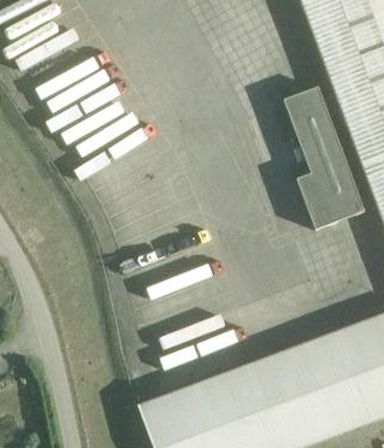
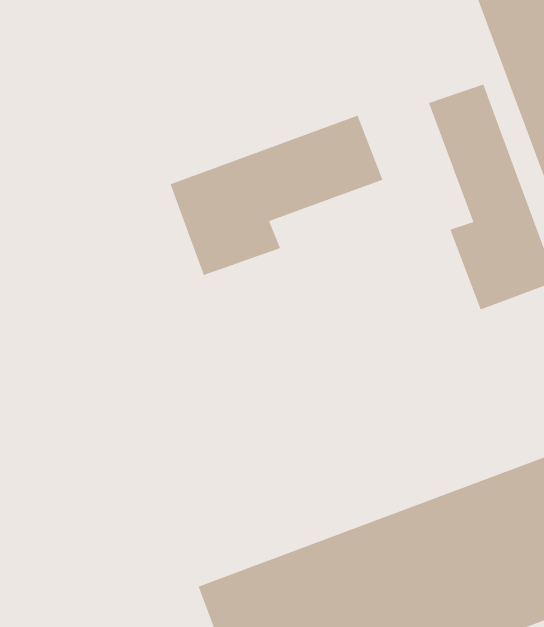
building: none -> [170,115,383,276]

